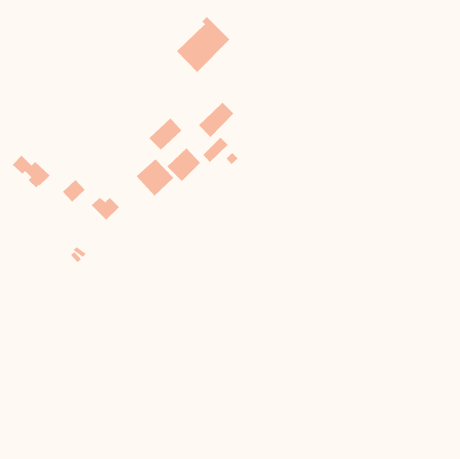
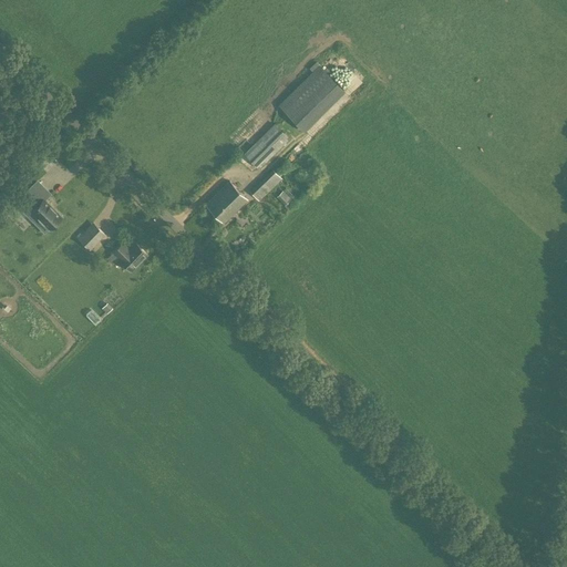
building: [176,16,230,73] -> [278,62,344,132]
building: [149,117,182,151] -> none
building: [136,159,174,196] -> none

